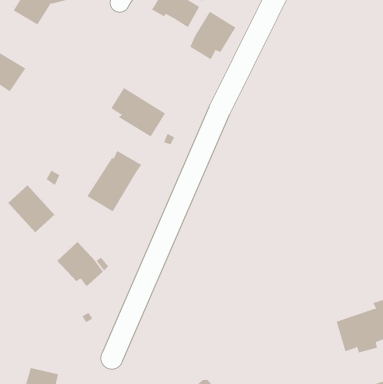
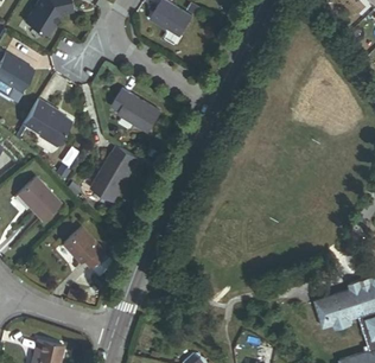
building: [189,11,236,60] -> none
building: none -> [21,100,68,147]

